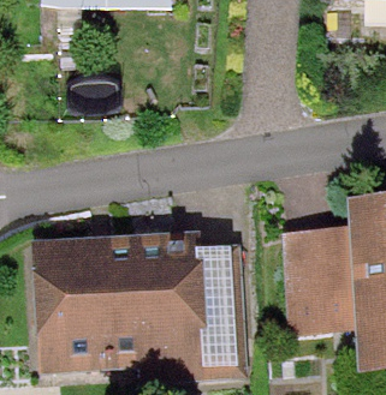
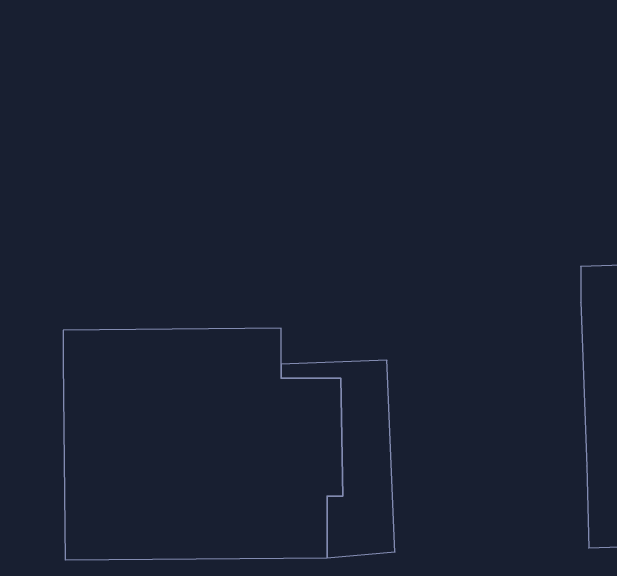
building: [286,220,357,321] -> none

